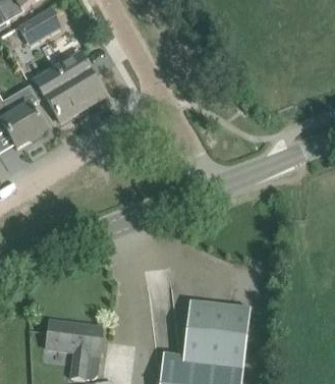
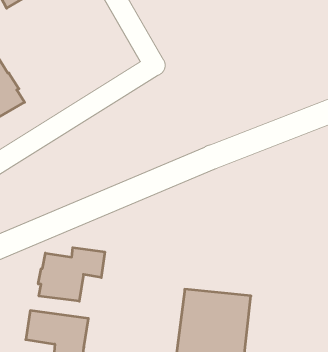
building: [35,53,101,120] -> none
building: none -> [38,248,105,301]

